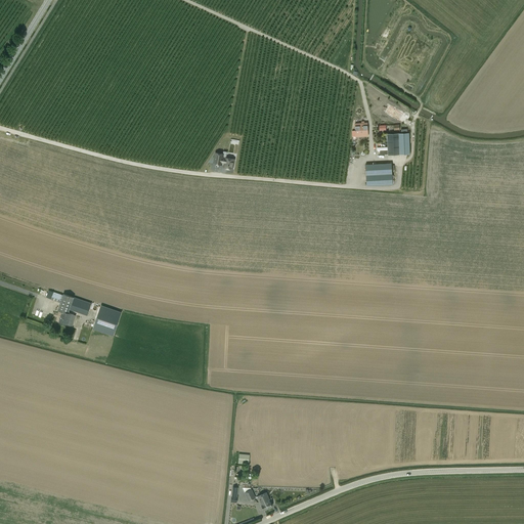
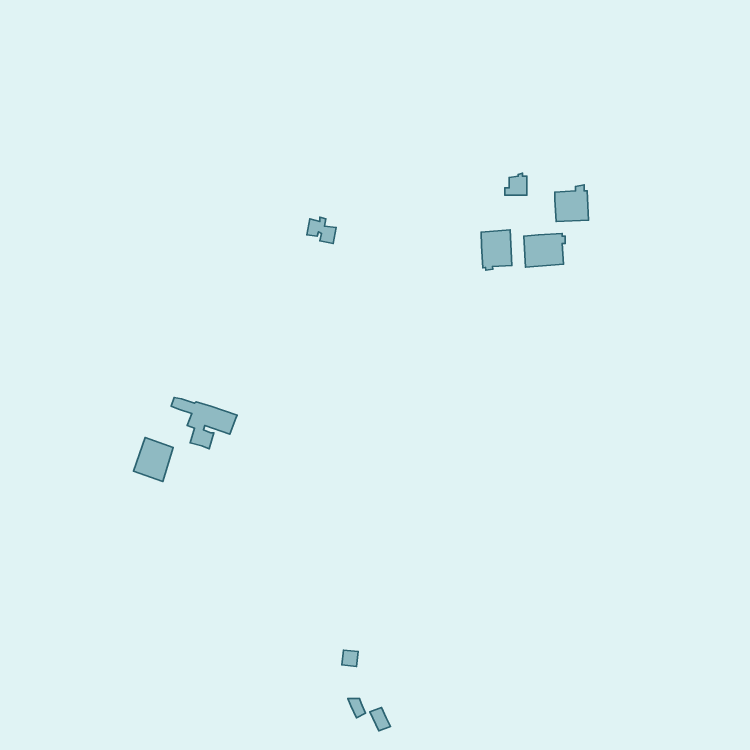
building: none -> [481,230,512,270]
building: [46,291,92,326] -> [171,397,237,449]

